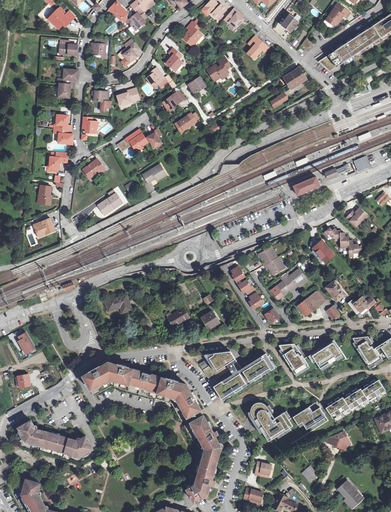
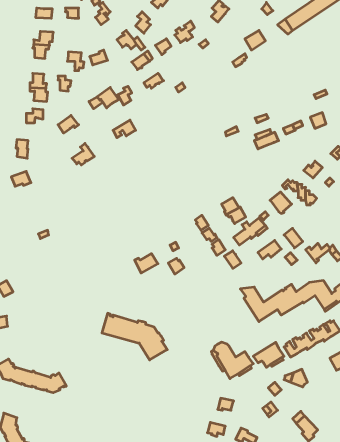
building: [103,294,131,316] -> none
building: [198,351,276,401] -> none
building: [82,363,136,396] -> none
building: [183,415,220,502] -> none

